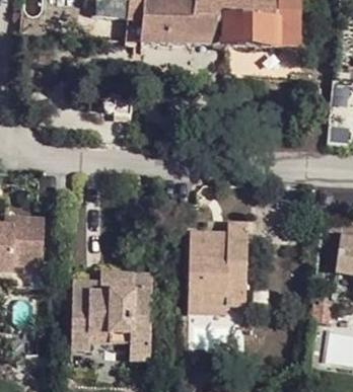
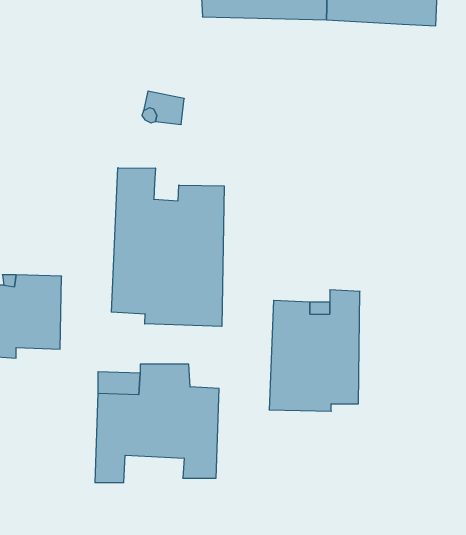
building: none -> [111,168,224,326]

